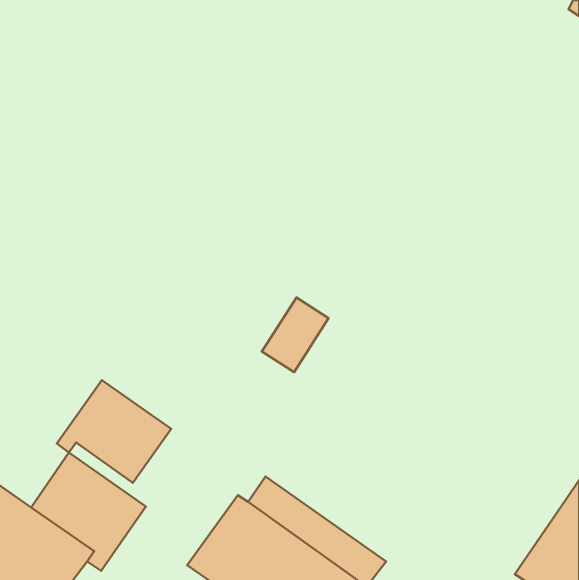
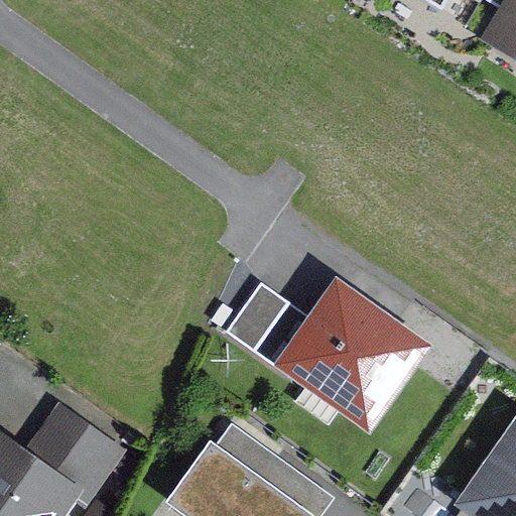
building: none -> [273,283,419,426]
building: [57,380,171,483] -> none

